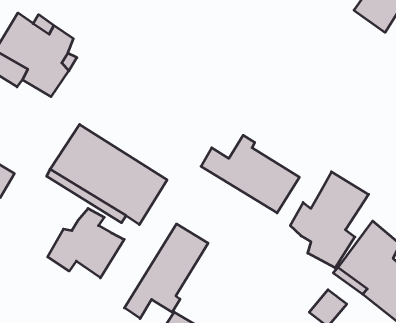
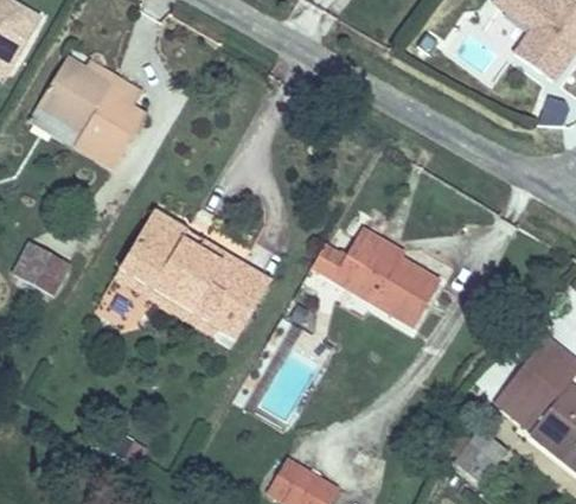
building: [290,172,369,268] -> none
building: [48,208,124,278] -> none
building: [124,224,208,319] -> none

